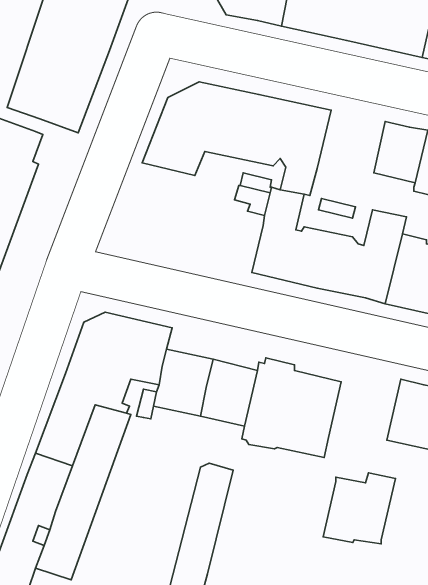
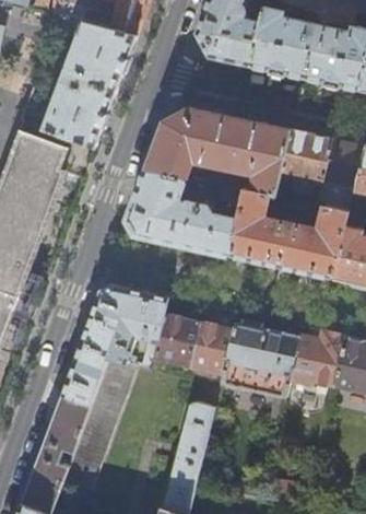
building: none -> [279,130,331,187]
building: none -> [126,171,237,255]
building: [323,473,396,544] -> [287,332,343,387]

